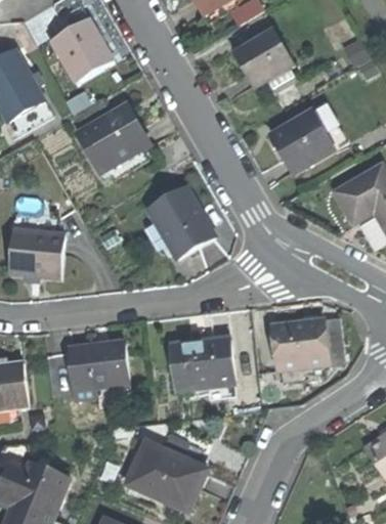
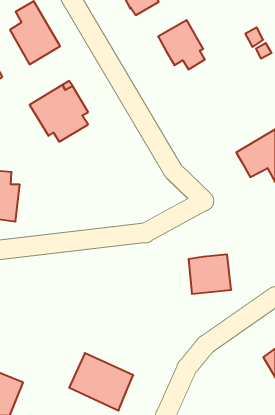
building: [269,102,346,171] -> none
building: [146,186,211,257] -> none
building: [169,336,233,396] -> none
building: [68,340,128,396] -> none

